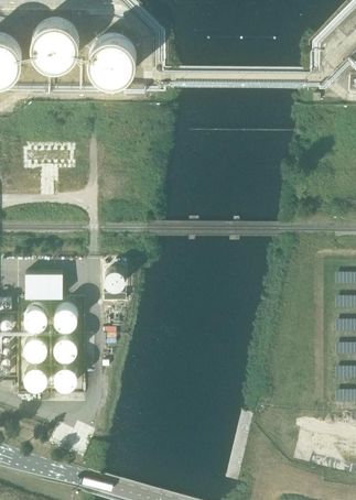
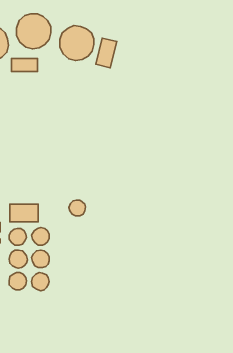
building: none -> [96,38,117,68]
building: none -> [12,58,37,72]

